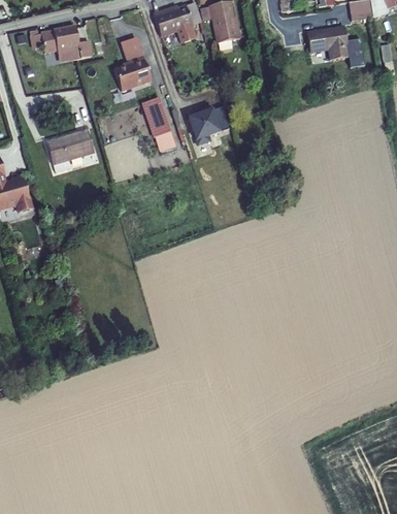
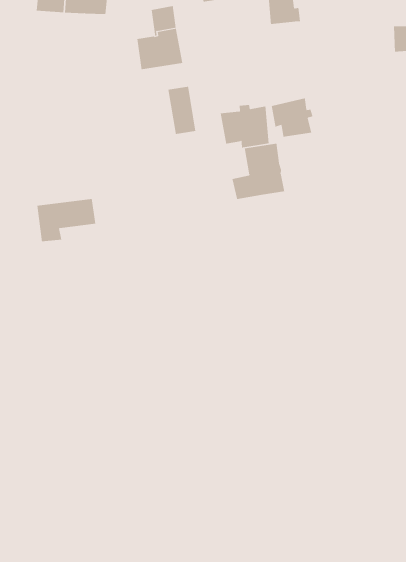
building: none -> [271,97,313,138]
building: [42,127,90,166] -> [36,198,96,242]
building: none -> [232,143,285,200]

